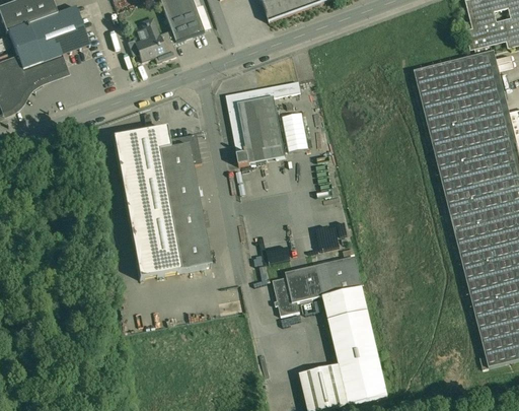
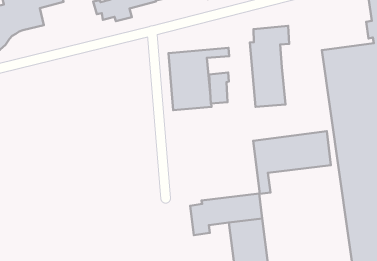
building: none -> [250,26,289,107]
building: [114,125,212,276] -> none
building: none -> [253,131,331,194]

